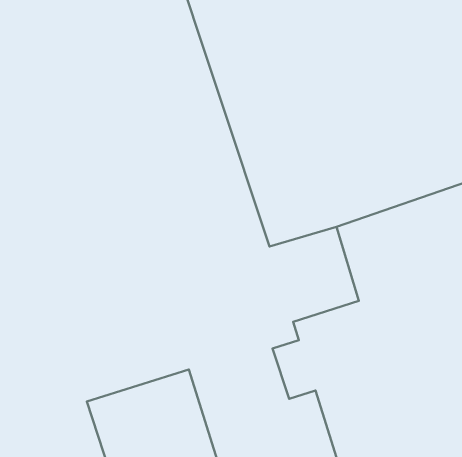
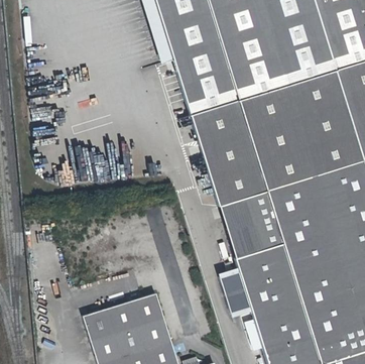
building: none -> [217,192,281,260]

